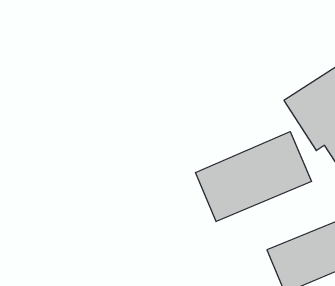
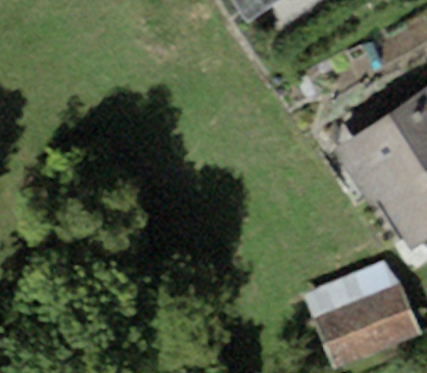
building: [196,132,311,222] -> none

